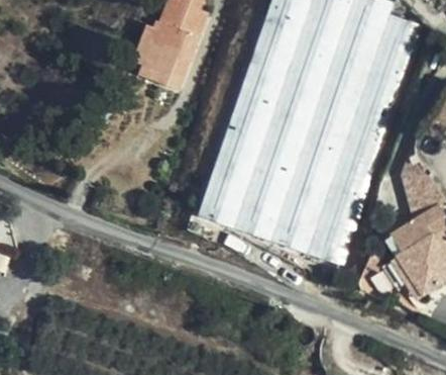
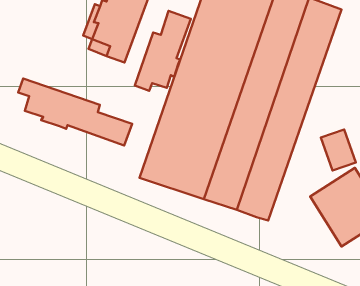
building: none -> [135,11,191,91]
building: none -> [18,78,132,146]

